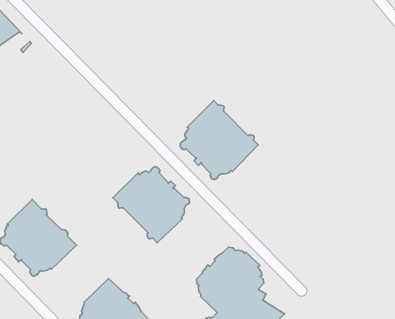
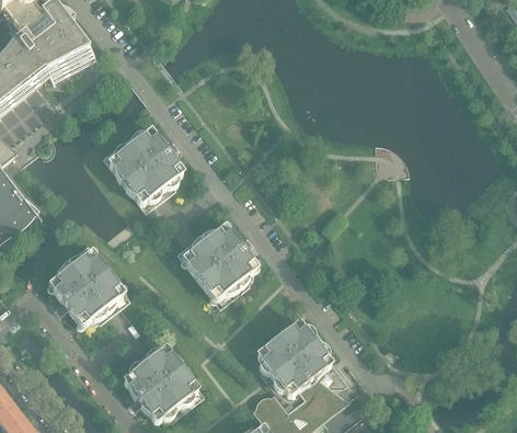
building: none -> [103,129,183,212]
building: [180,101,258,179] -> none

